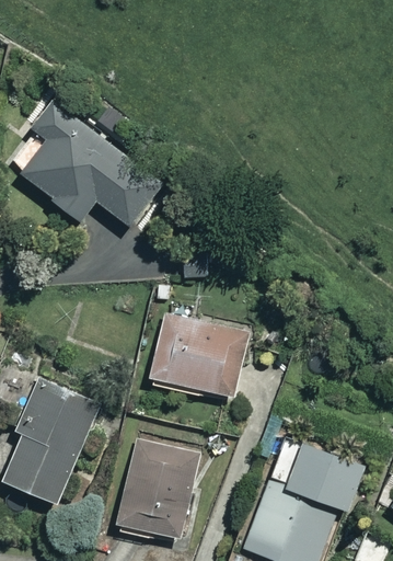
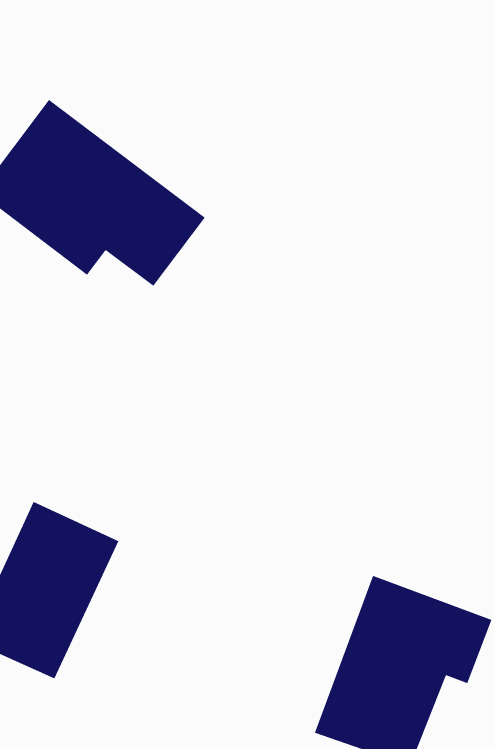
building: [147,314,246,400] -> none
building: [114,435,207,543] -> none

